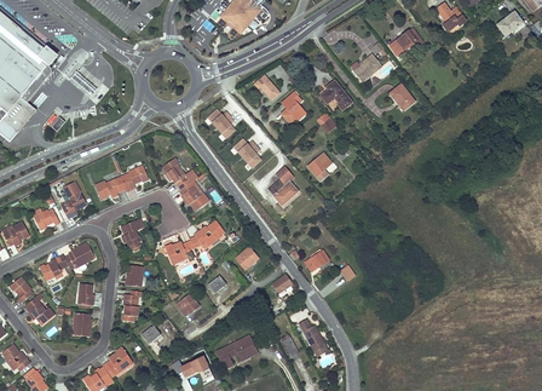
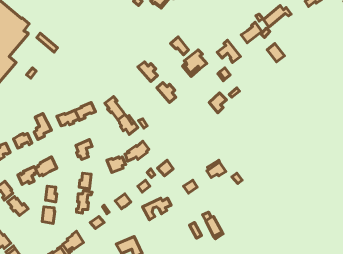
building: [269,166,298,205] -> none
building: [215,339,255,369] -> [143,198,171,220]

